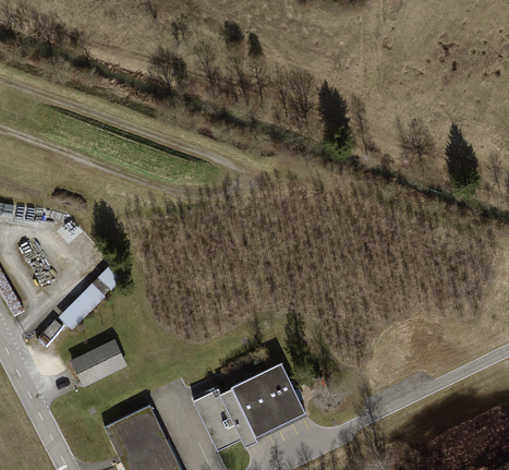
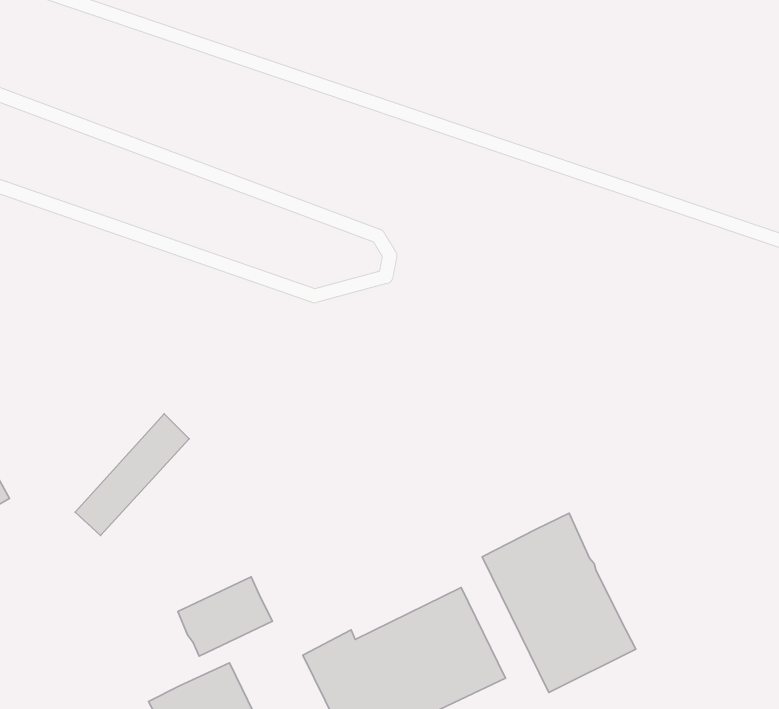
building: none -> [482,513,636,693]
building: [72,340,125,385] -> [178,577,272,656]

